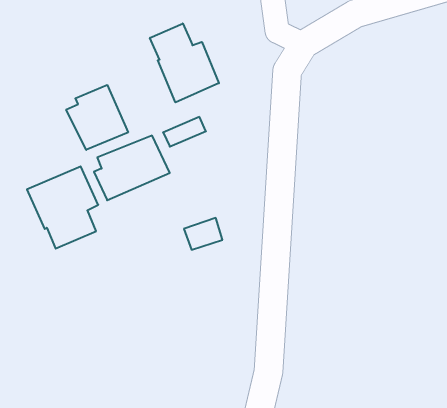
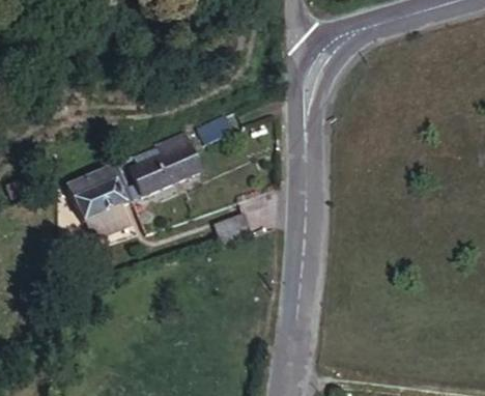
building: [150,23,219,102] -> none
building: [66,85,128,150] -> none

